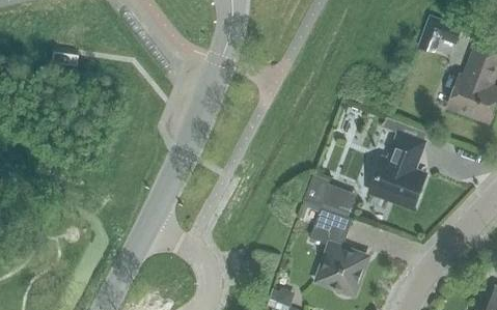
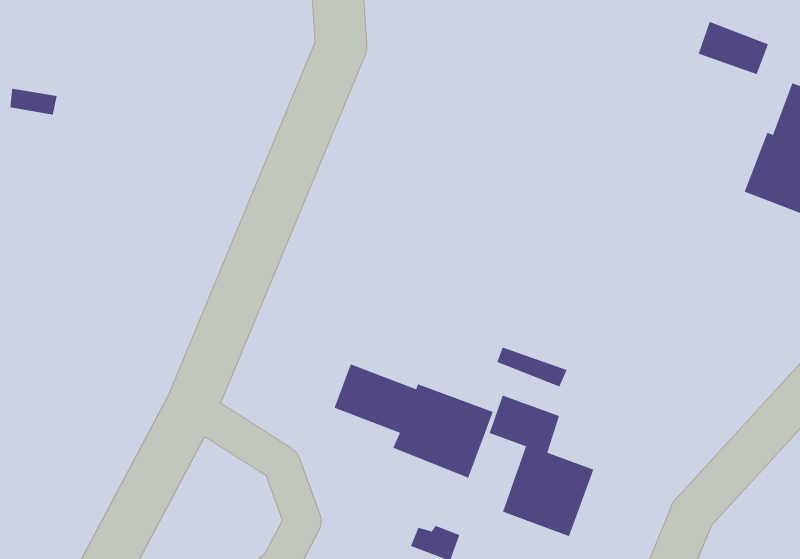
building: [369,133,423,205] -> none
building: none -> [334,363,494,479]

